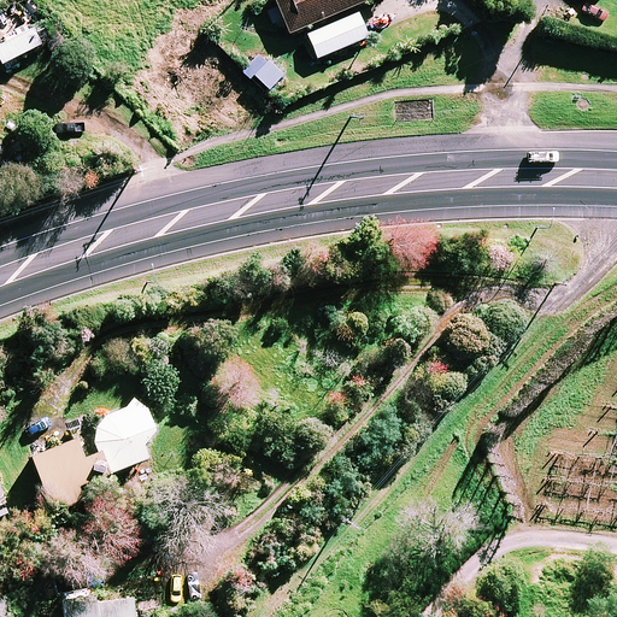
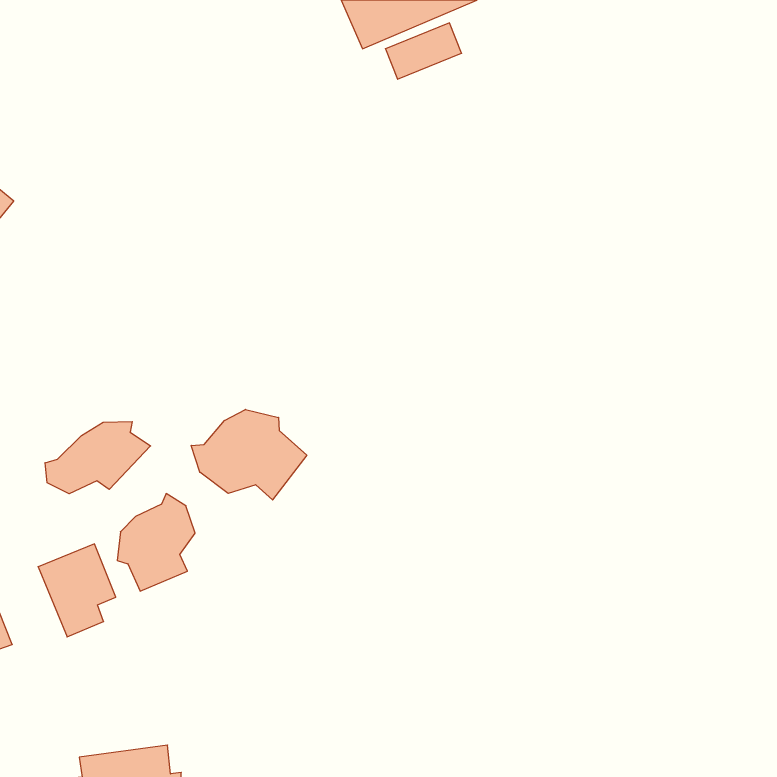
building: none -> [191,409,307,500]
building: none -> [45,422,151,494]

